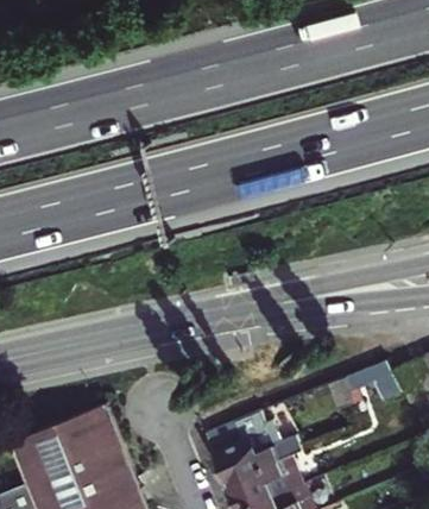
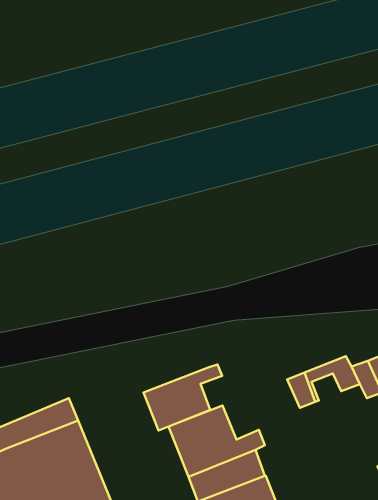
building: none -> [144,364,222,430]

